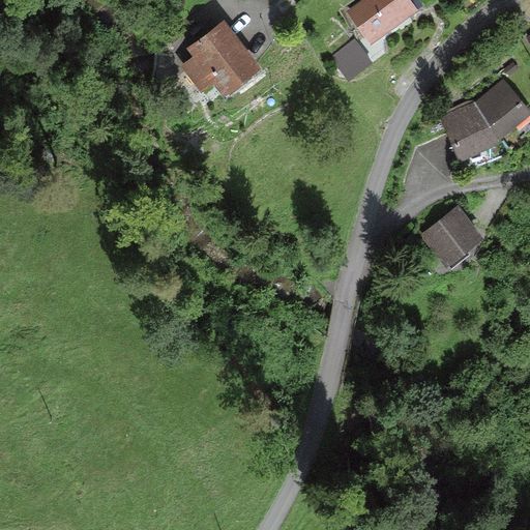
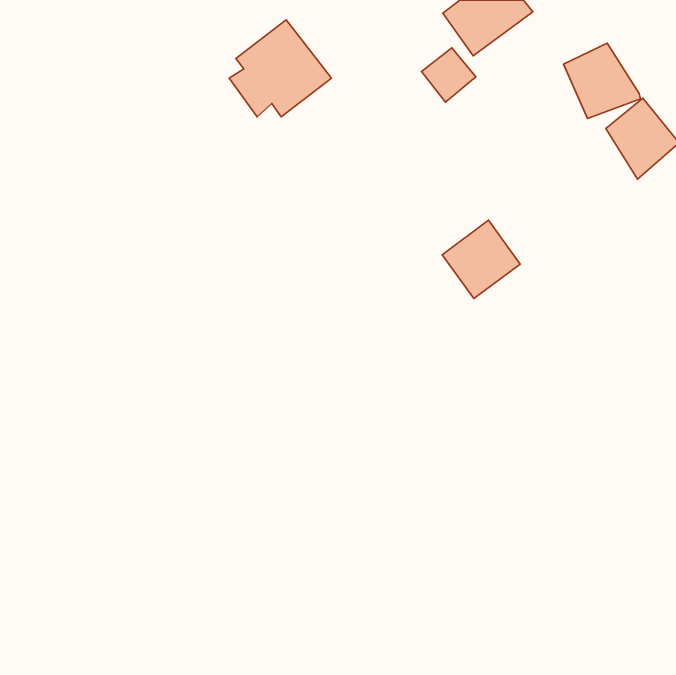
building: [440,102,500,161] -> [563,43,640,119]
building: [423,204,484,265] -> [442,220,520,299]

